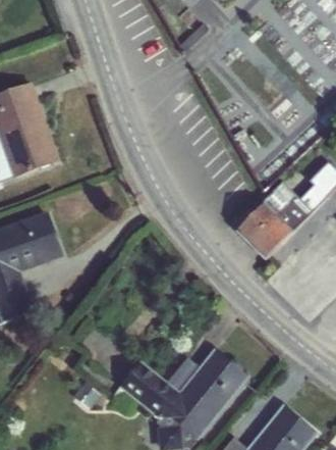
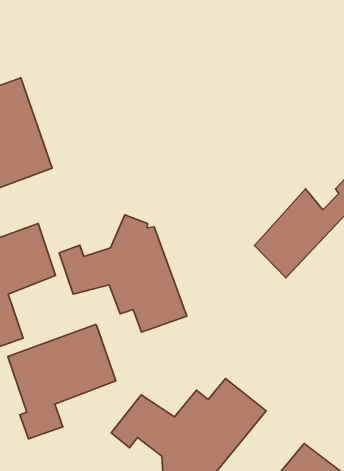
building: none -> [59,215,187,332]
building: none -> [8,325,116,439]

